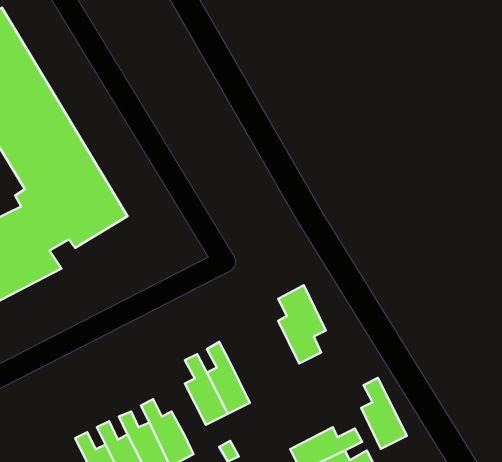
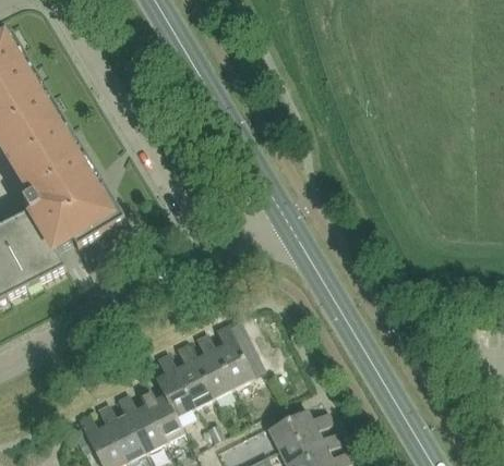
building: [278,285,326,363] -> [214,318,256,388]
building: none -> [154,353,193,417]
building: [361,378,407,449] -> none

